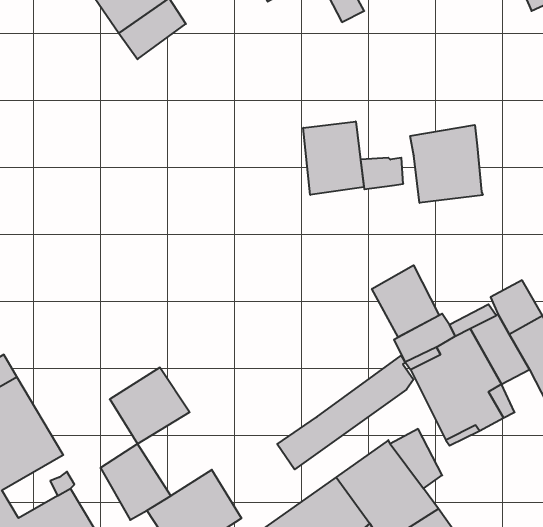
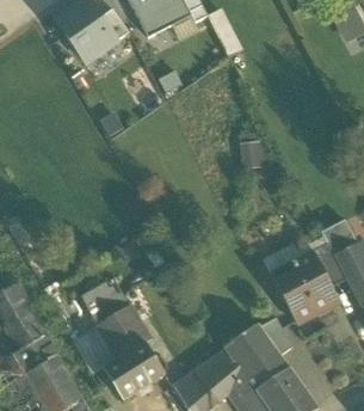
building: [303,121,364,195] -> none
building: [410,125,483,203] -> none
building: [372,265,439,337] -> none
building: [277,356,413,469] -> none
building: none -> [98,306,152,360]

